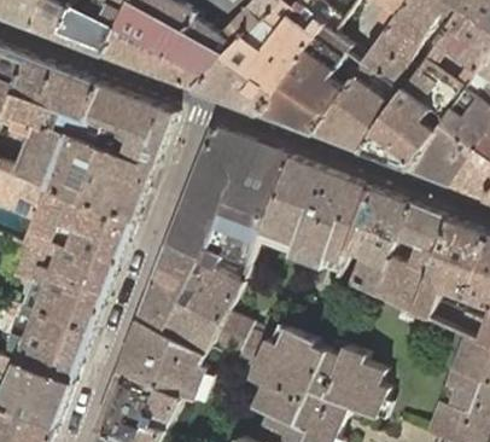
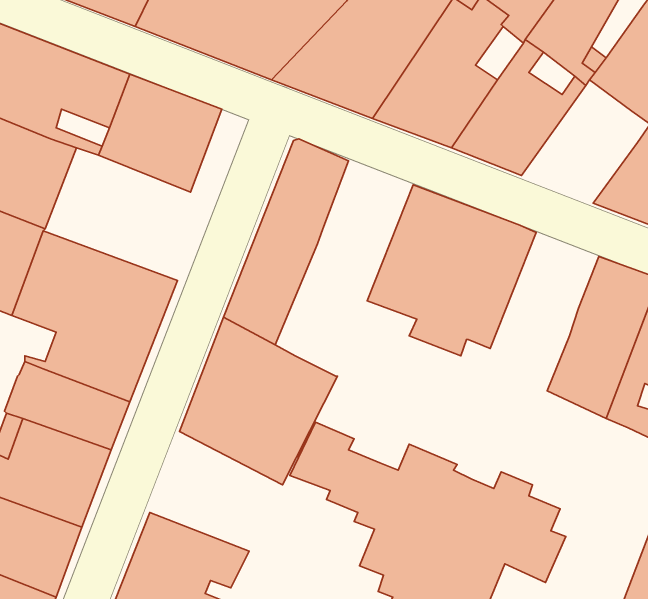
building: [358,89,434,170] -> none
building: [45,109,174,221] -> none
building: [197,143,286,284] -> none
building: [345,190,409,293] -> none
building: [115,321,204,402] -> none

